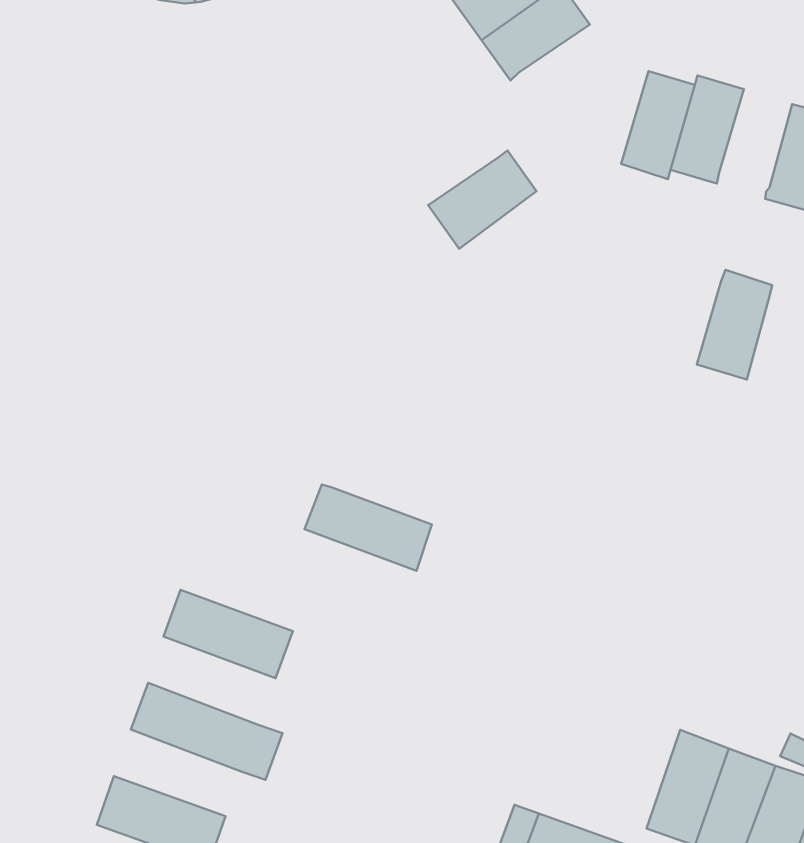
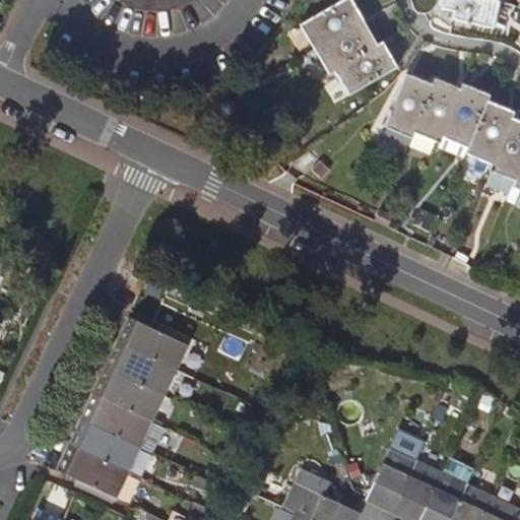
building: [428,151,537,249] -> [335,43,397,95]
building: [697,270,772,380] -> [443,84,490,147]
building: [305,484,432,571] -> [117,318,189,372]
building: none -> [93,368,166,422]
building: none -> [69,418,141,472]

